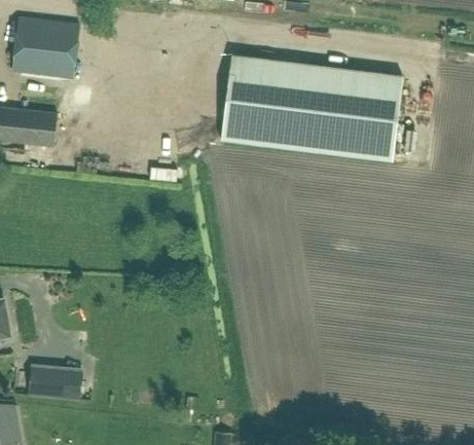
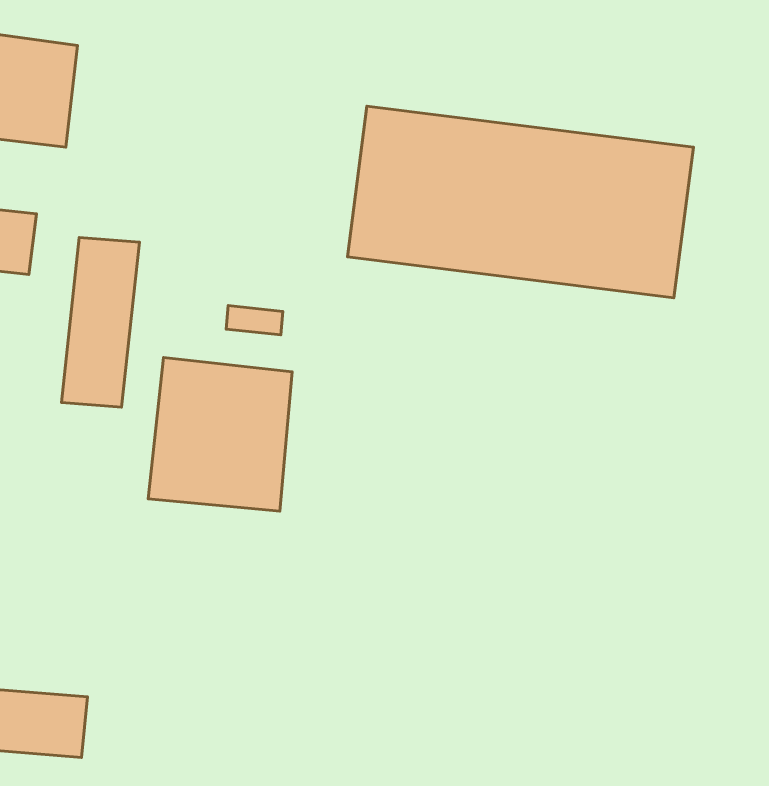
building: none -> [61,237,139,407]
building: none -> [148,358,292,511]

